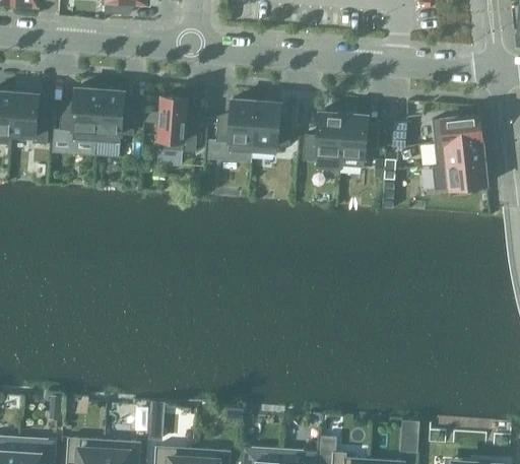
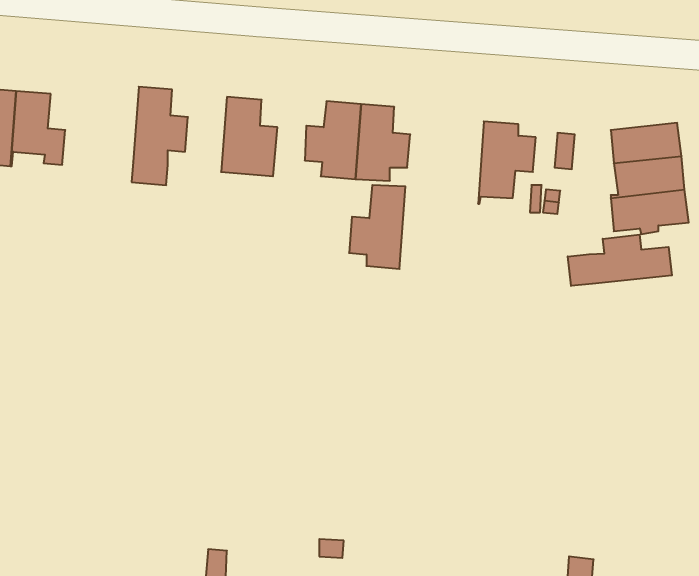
building: [60,88,100,142] -> none
building: [303,113,342,172] -> [349,185,405,269]
building: none -> [568,235,672,286]

